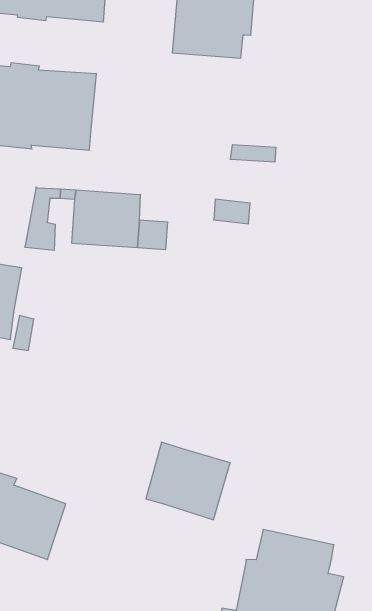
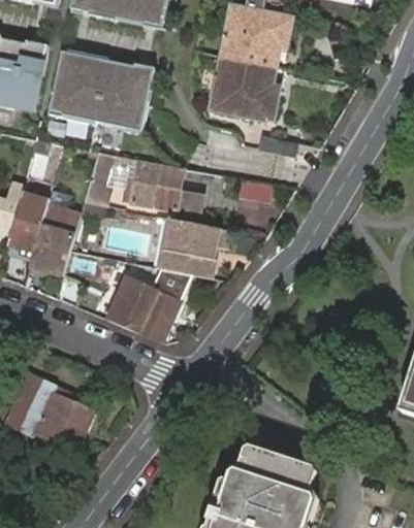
building: none -> [209,58,277,121]
building: none -> [156,219,226,279]
building: [146,442,230,520] -> [107,276,179,343]

